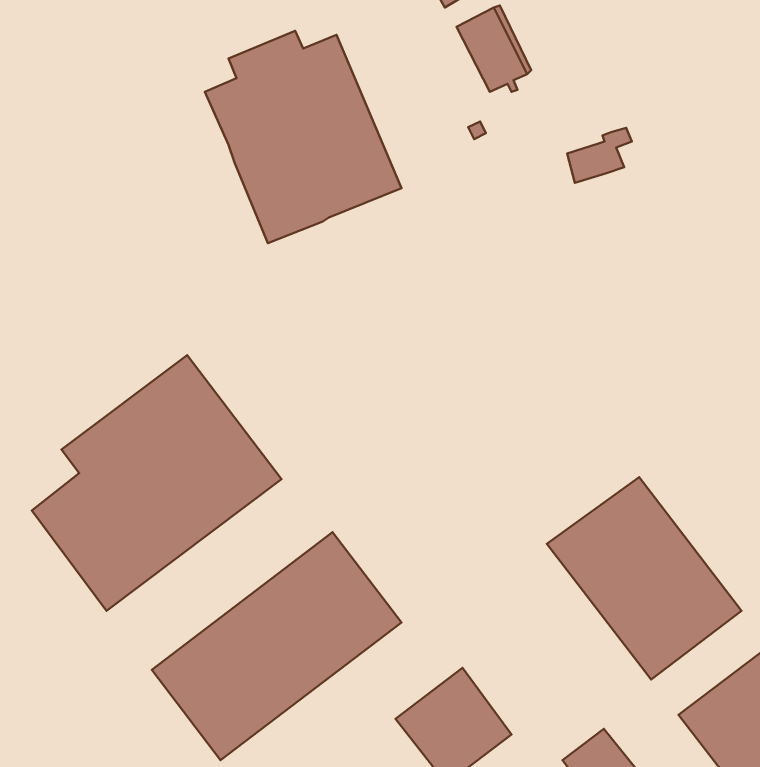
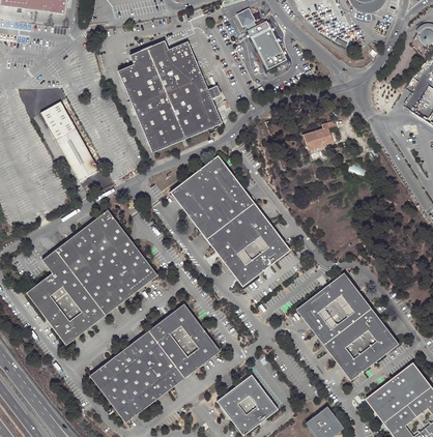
building: [567,128,632,183] -> [302,120,337,149]
building: none -> [39,99,97,180]
building: none -> [170,155,290,286]

